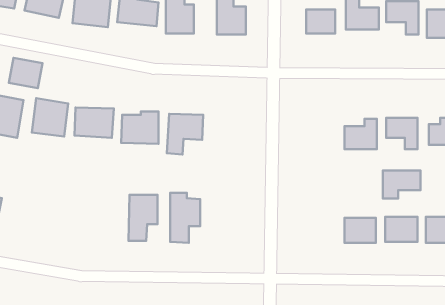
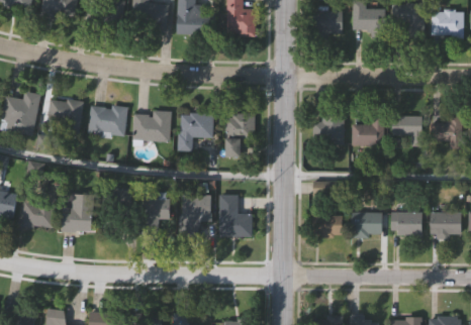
building: [9,58,43,88] -> none
building: none -> [226,113,254,157]
building: none -> [311,116,343,142]
building: [383,170,421,199] -> none
building: none -> [63,194,93,232]
building: none -> [218,195,251,236]
building: none -> [104,198,129,233]
building: none -> [22,202,55,227]
building: none -> [314,215,341,237]

